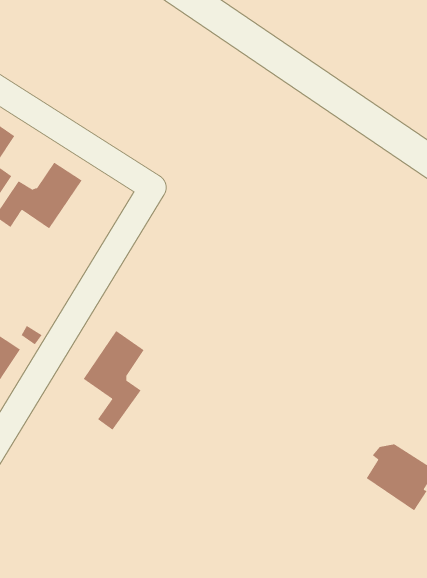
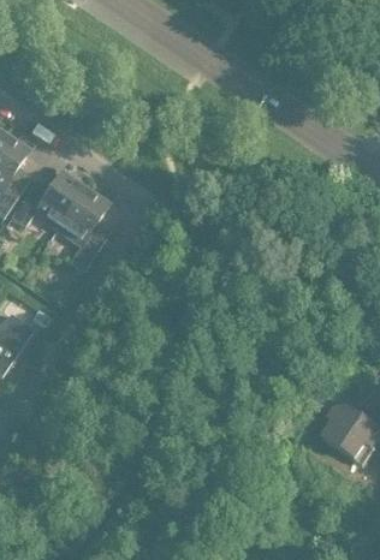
building: [83,330,144,430] -> [57,186,108,270]

